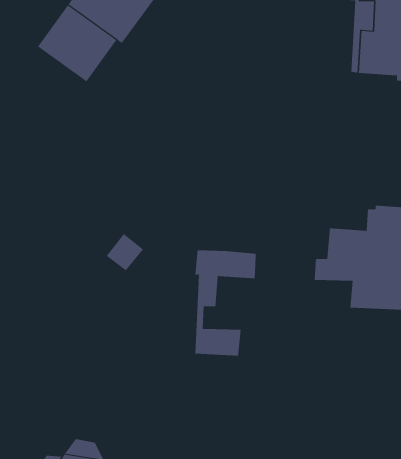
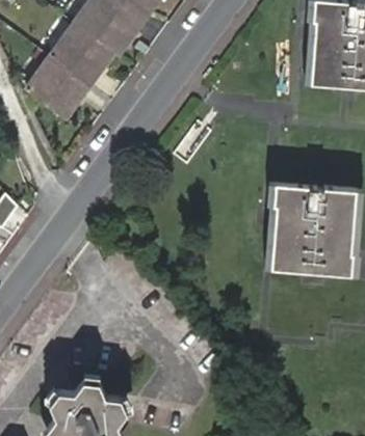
building: none -> [26,58,90,120]
building: [194,250,257,356] -> [269,185,320,272]

